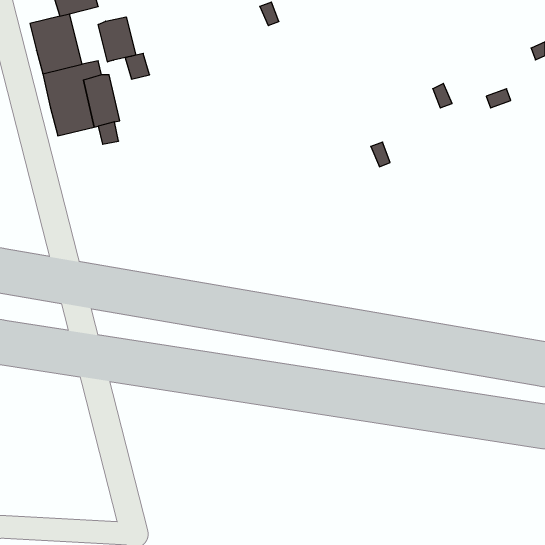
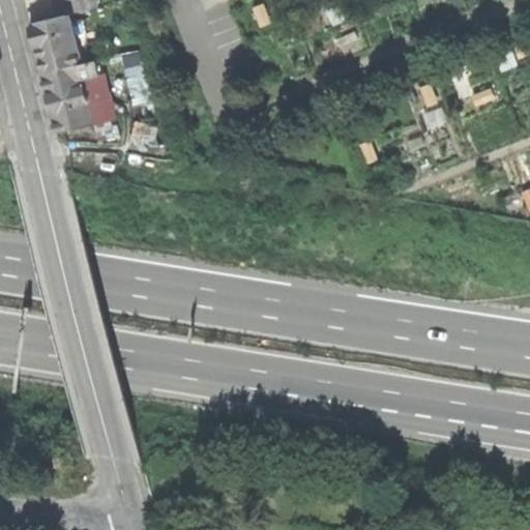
building: [98,17,136,62] -> none

